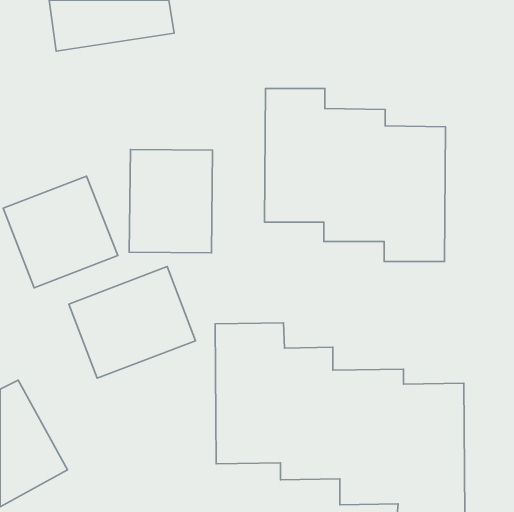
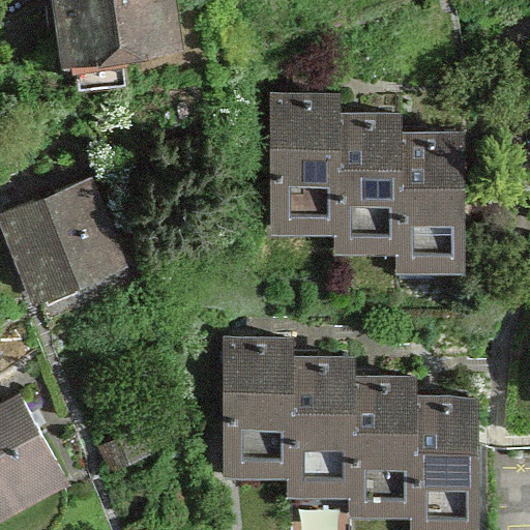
building: [129,150,213,253] -> none
building: [69,267,196,378] -> none

